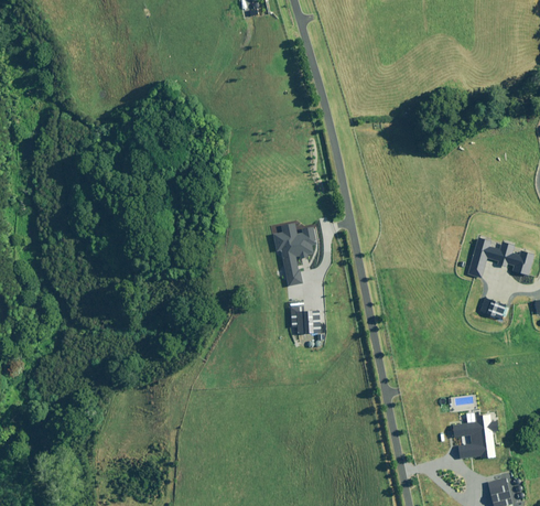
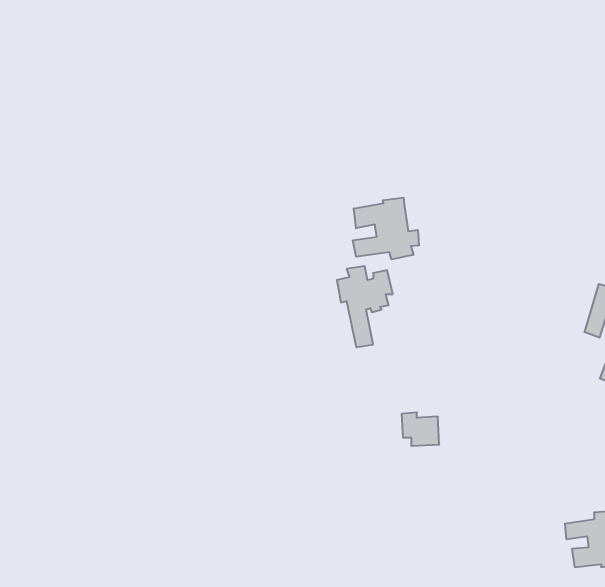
building: none -> [353,198,419,259]
building: [291,306,321,333] -> [402,412,439,446]

